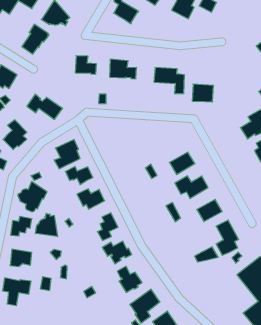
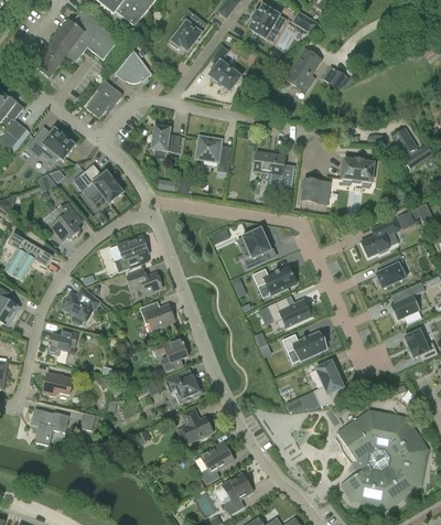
building: none -> [342,158,375,183]
building: none -> [241,227,271,268]
building: [35,213,57,237] -> none

